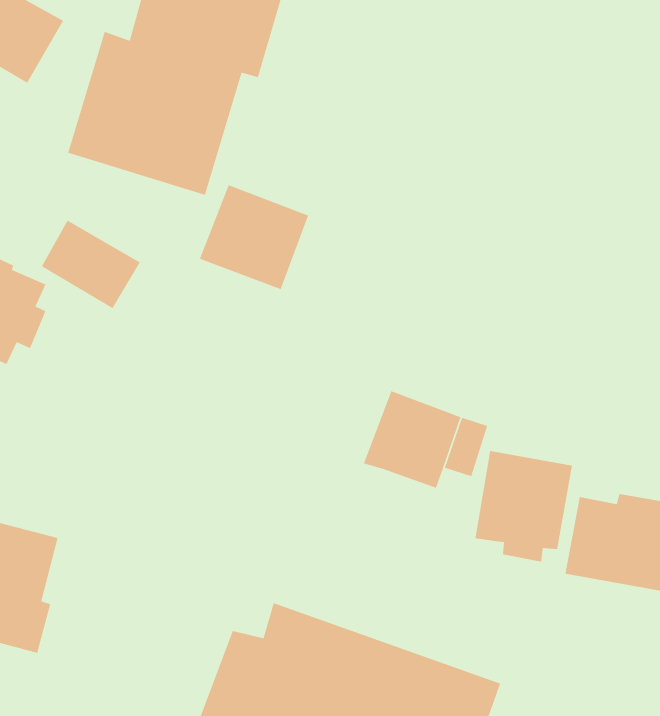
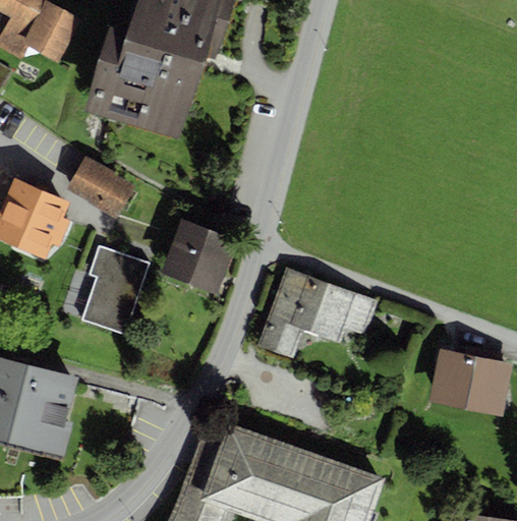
building: [199,184,309,290] -> [161,220,237,293]
building: none -> [80,244,151,335]
building: none -> [255,267,308,360]
building: [475,450,573,562] -> none

